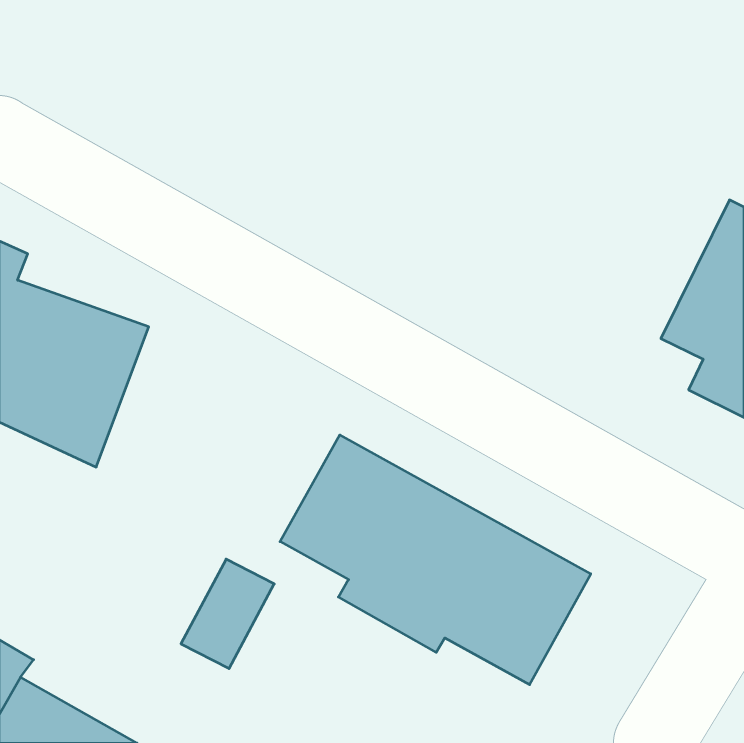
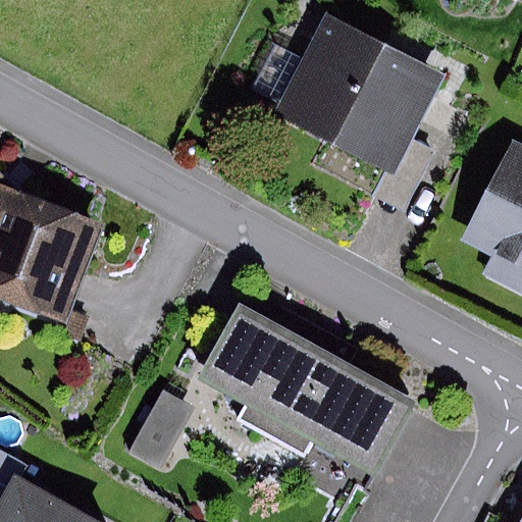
building: none -> [279,15,449,177]

